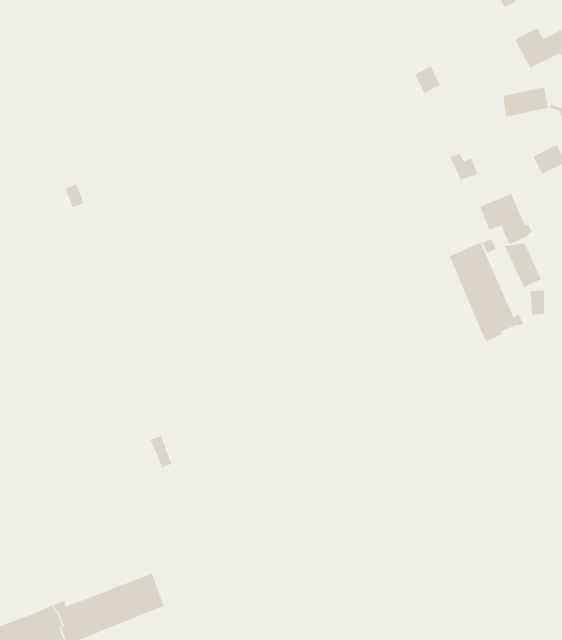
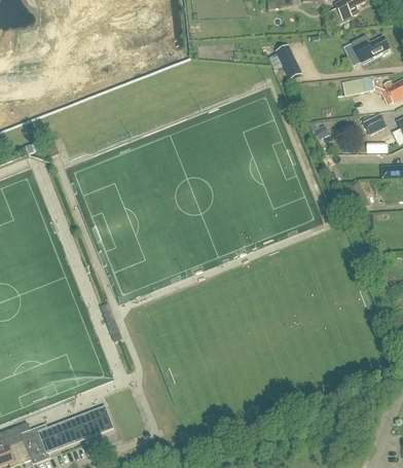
building: [479,193,532,245] -> none
building: [449,242,524,342] -> none

